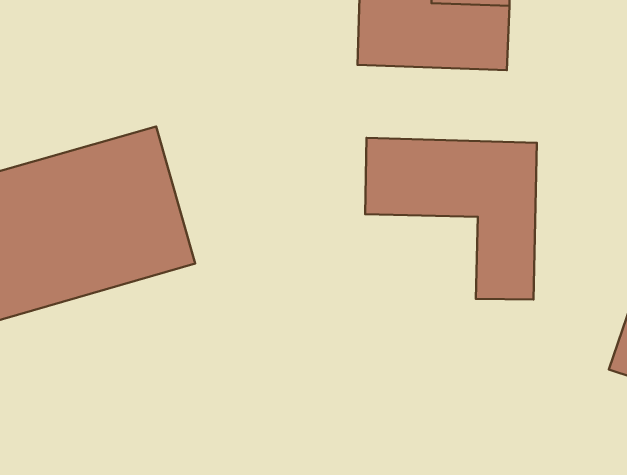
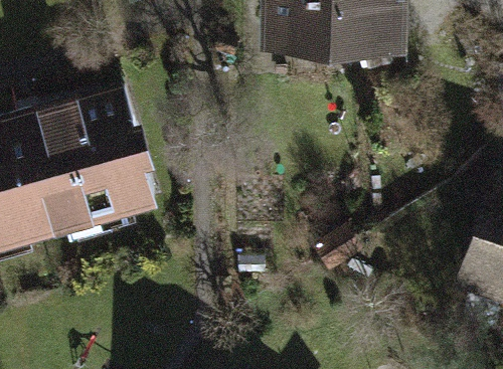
building: [365,138,537,300] -> none

